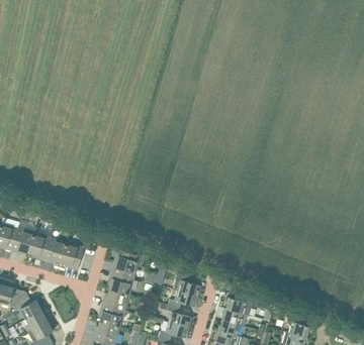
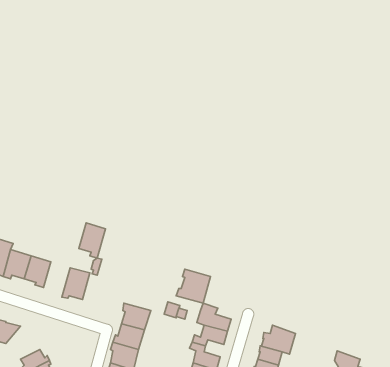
building: [44,239,67,268] -> [79,223,106,258]
building: [111,251,140,279] -> [176,269,210,303]
building: [13,293,41,320] -> none

